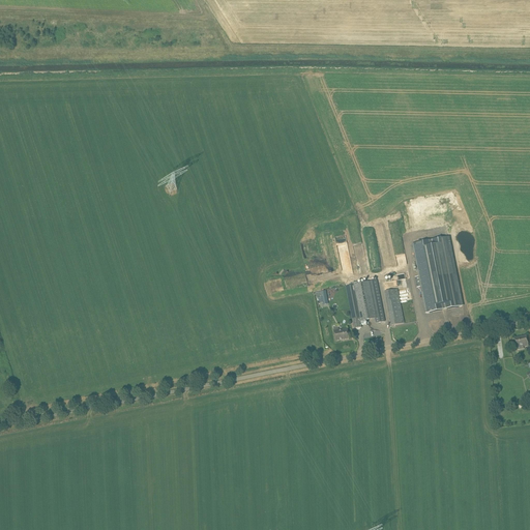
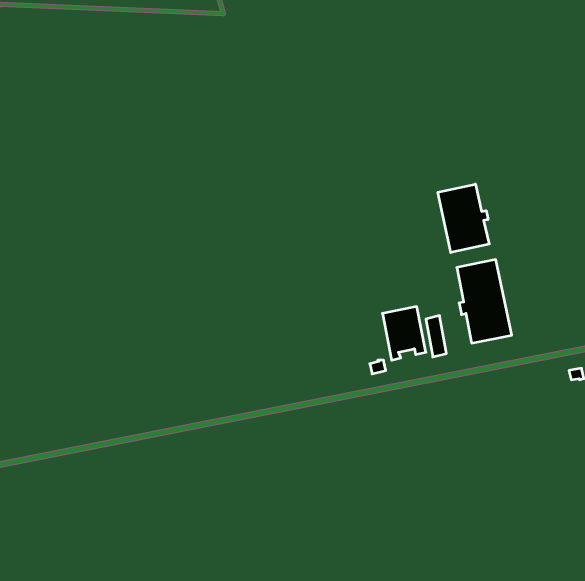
building: none -> [438,184,489,253]

